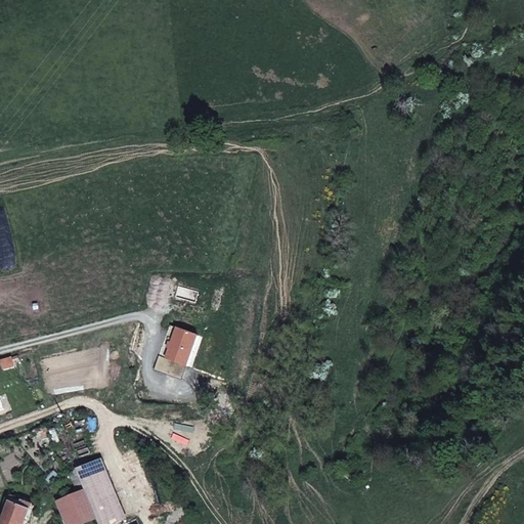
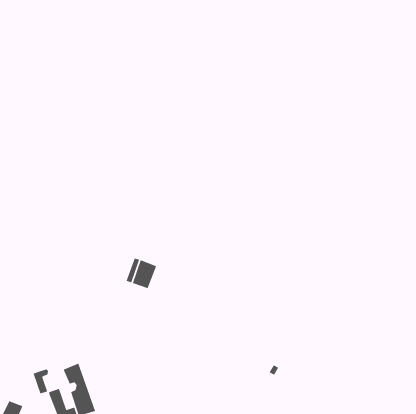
building: [75,484,95,517] -> [33,368,49,394]

